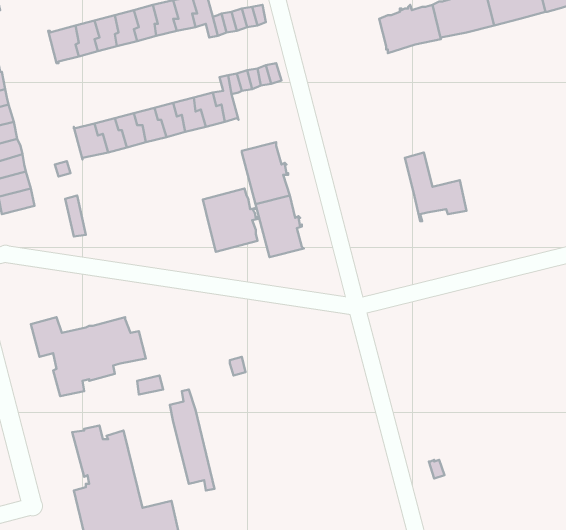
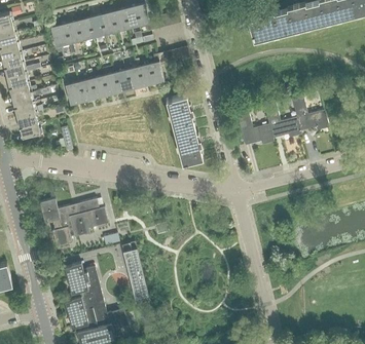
building: none -> [291,94,328,137]
building: none -> [235,109,272,150]
building: [203,188,259,252] -> none

